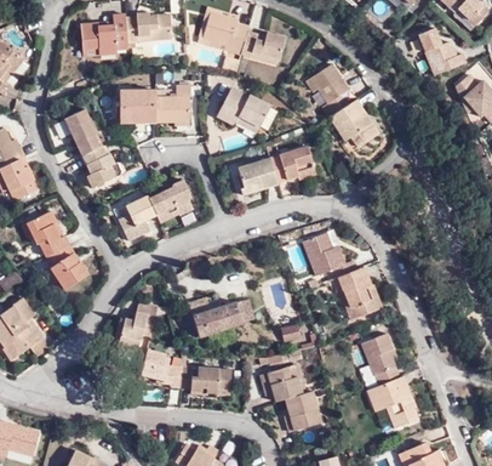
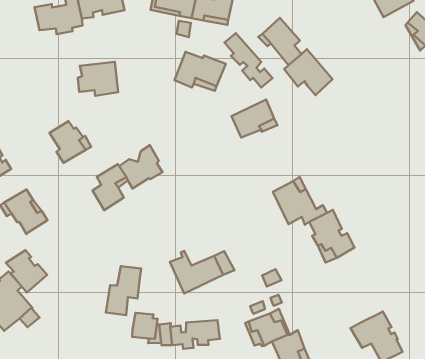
building: none -> [225,33,272,88]
building: [155,85,190,121] -> none
building: [65,109,101,155] -> none
building: [236,159,278,195] -> none
building: [46,245,87,289] -> [6,250,47,292]
building: [362,336,400,386] -> none

